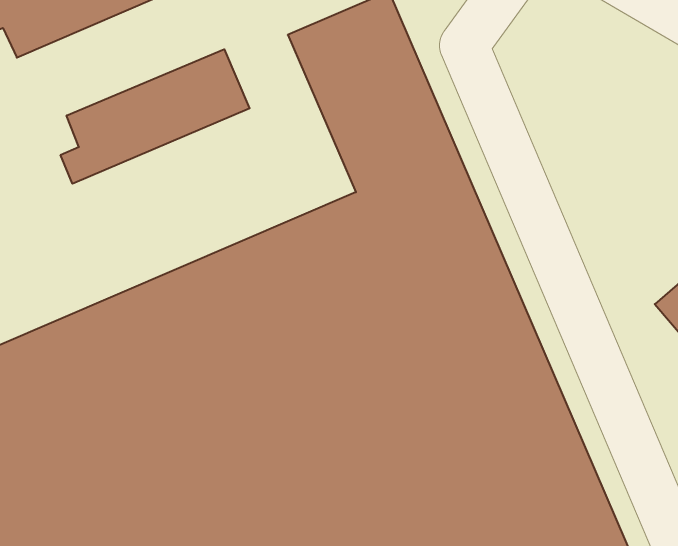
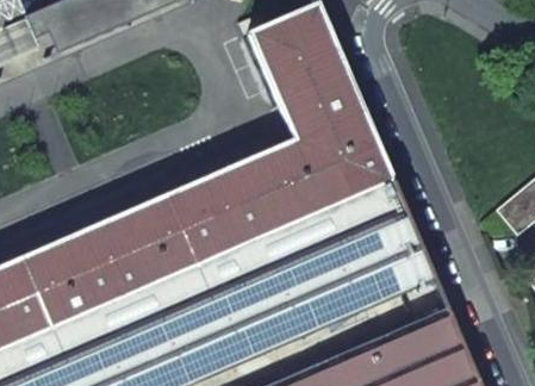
building: [61,49,250,184] -> none

